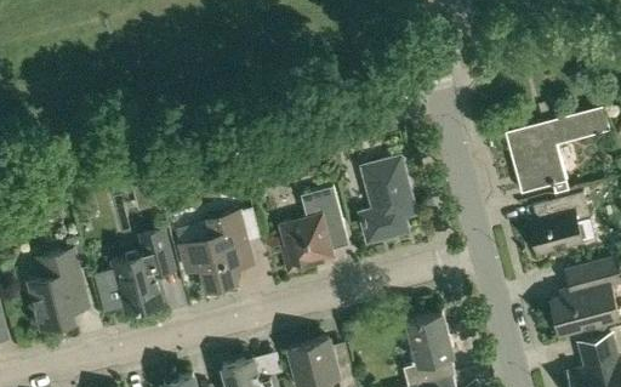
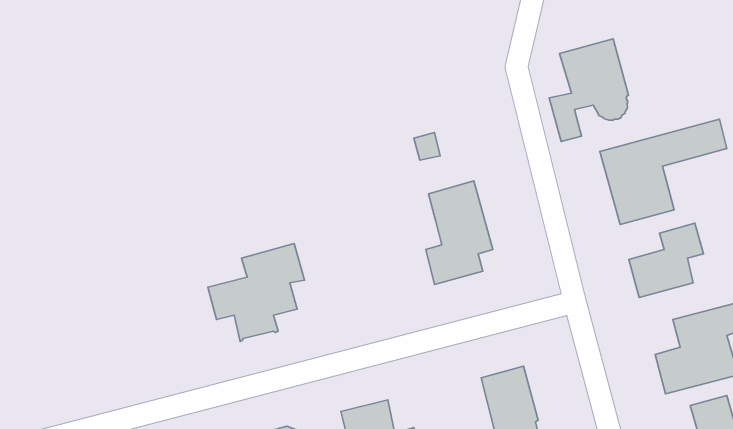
building: none -> [549,39,628,142]
building: [279,187,342,269] -> none
building: [95,228,171,312] -> none
building: [28,235,87,329] -> none

